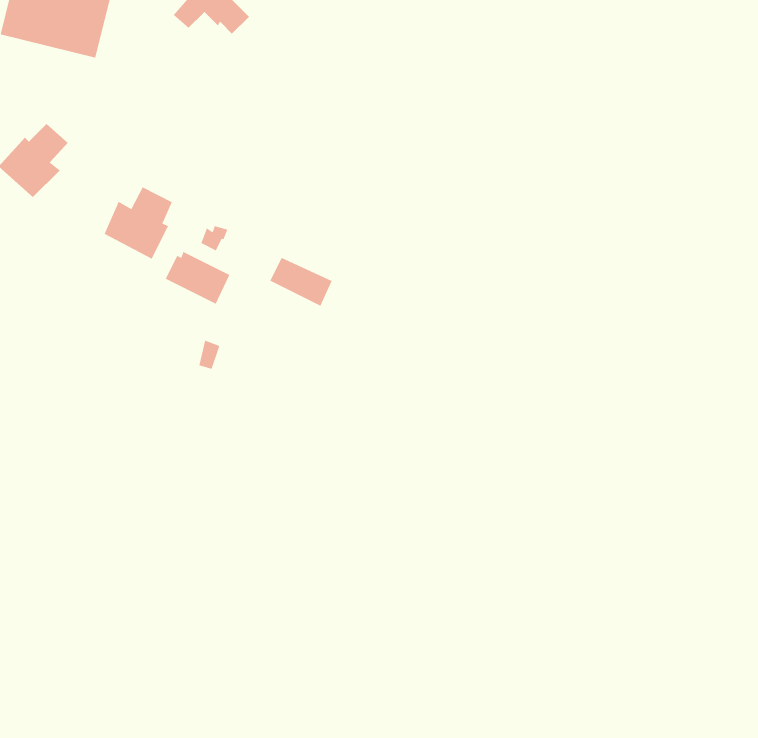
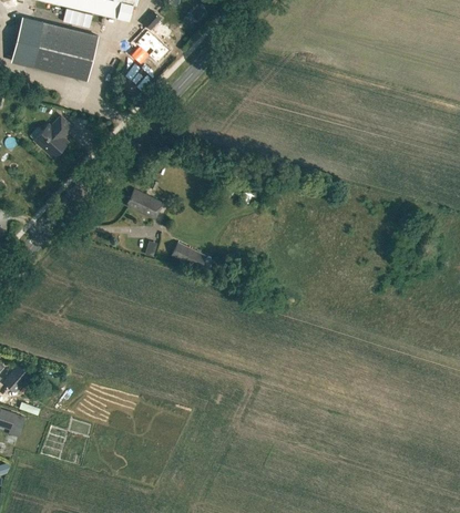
building: [104,186,173,259] -> none
building: [269,257,333,306] -> [170,243,205,270]

